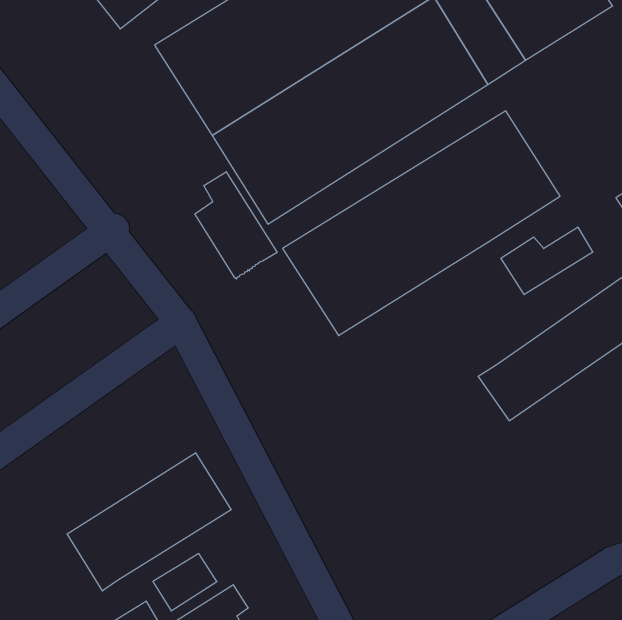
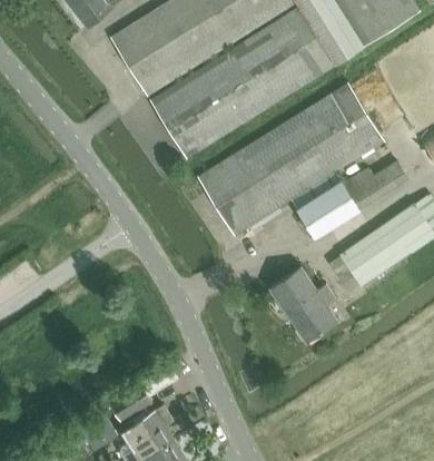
building: [195,172,277,279] -> none
building: none -> [292,170,361,236]
building: none -> [269,265,337,341]
building: [67,453,231,591] -> none

